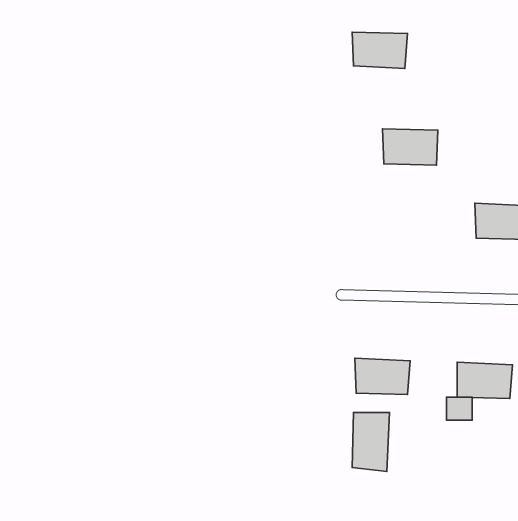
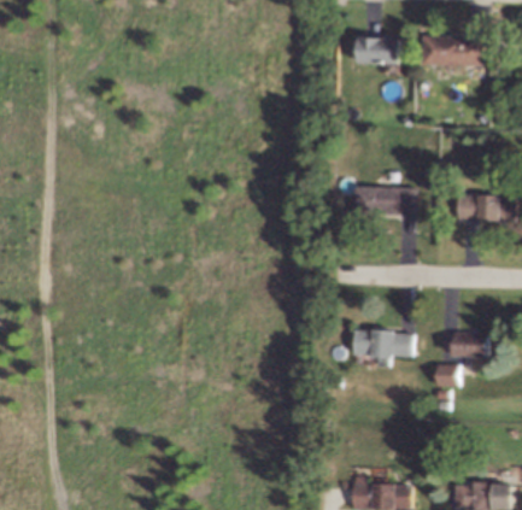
building: none -> [426,34,474,66]
building: [383,129,438,165] -> [358,183,407,216]
building: [352,412,390,472] -> none

